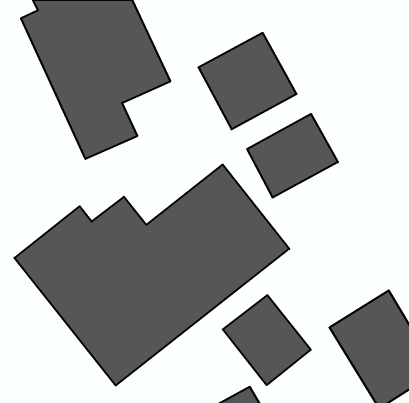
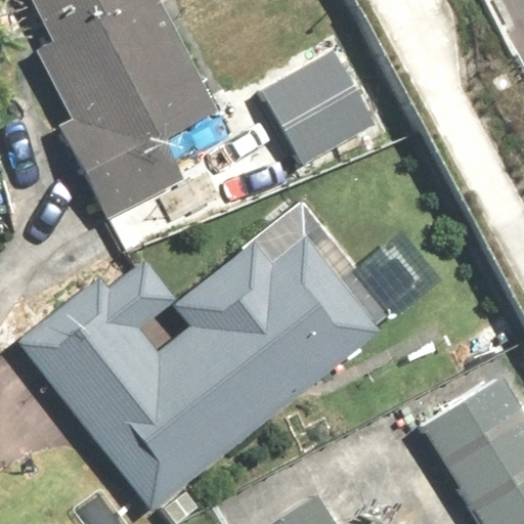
building: [247,114,338,198] -> none
building: [223,295,311,385] -> none

